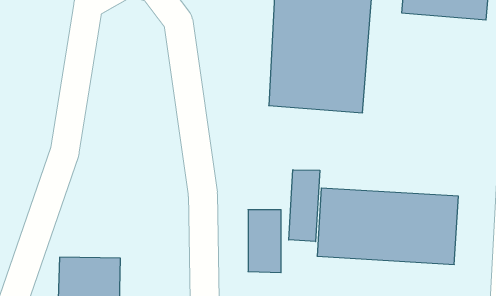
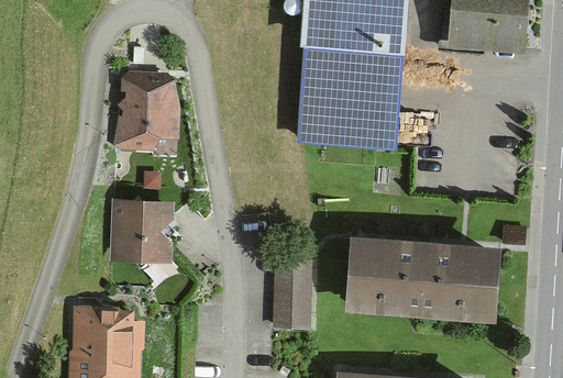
building: none -> [122,76,176,141]
building: none -> [114,199,172,258]
building: [289,170,320,242] -> none

